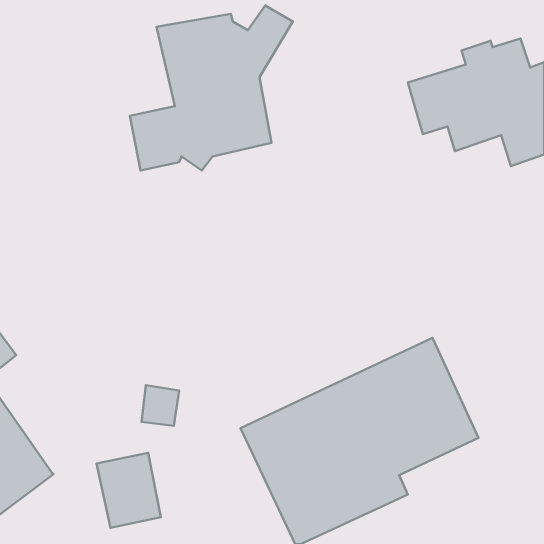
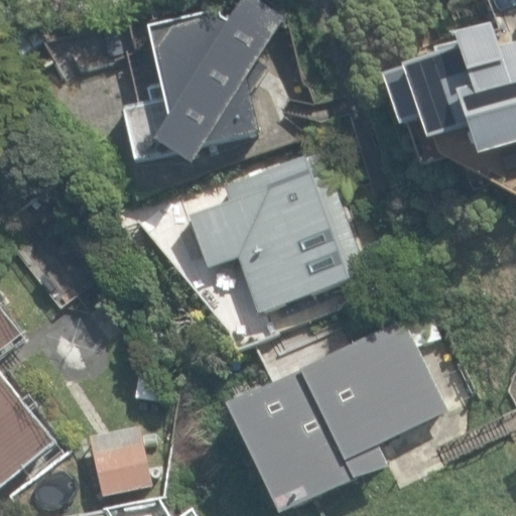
building: none -> [186,151,366,312]

